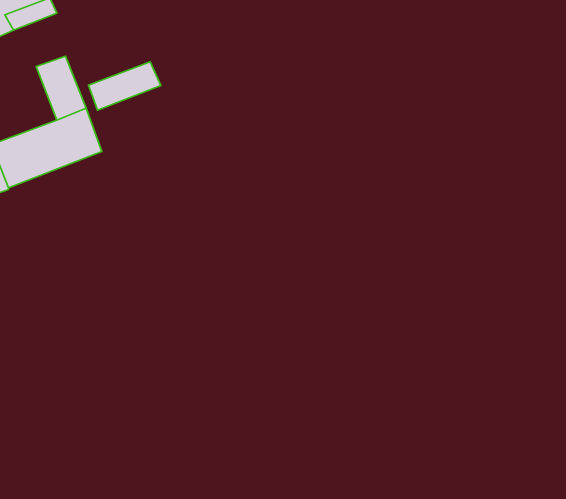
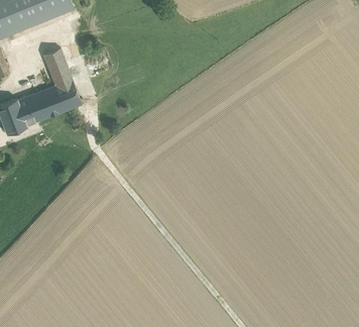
building: [89,62,161,110] -> none

